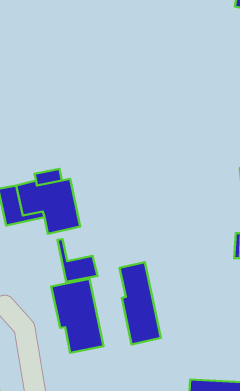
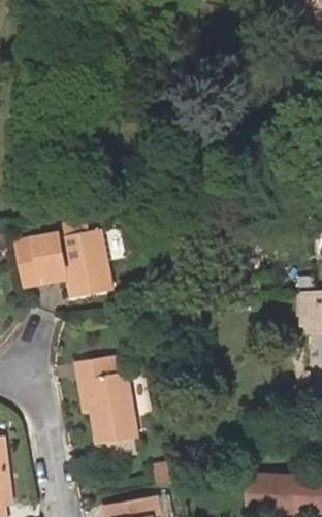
building: [57,239,97,282] -> none
building: [119,262,161,345] -> none

